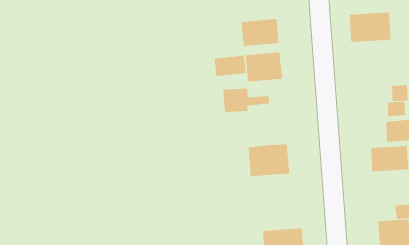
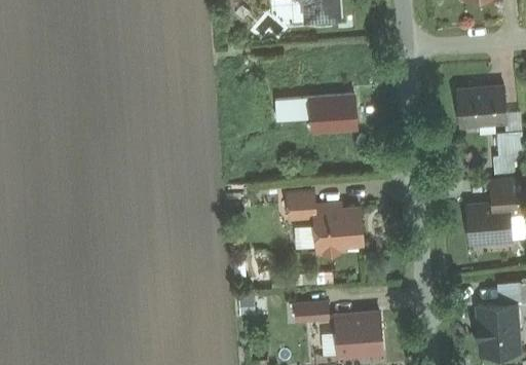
building: [349,12,392,42] -> [457,88,511,126]
building: [241,18,279,47] -> none
building: [222,88,270,113] -> [284,190,343,221]
building: none -> [293,301,332,323]

